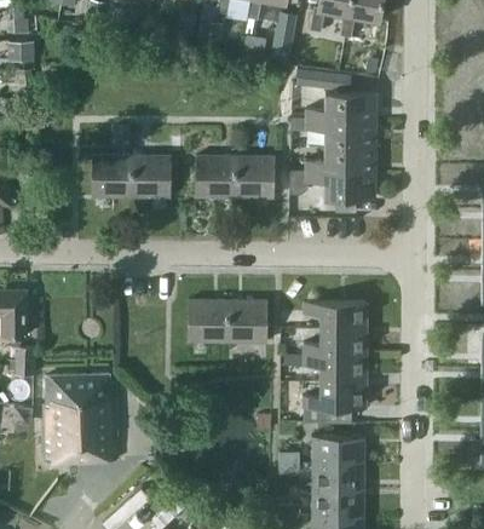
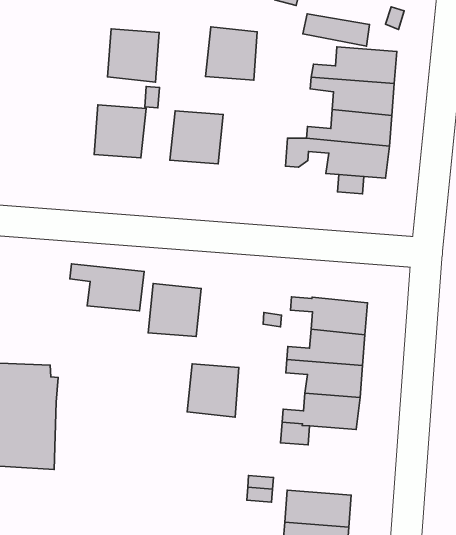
building: [91,156,131,197] -> [107,29,159,82]
building: [234,156,273,197] -> [206,27,257,80]
building: none -> [70,264,144,311]
building: [226,301,266,343] -> [187,364,239,417]
building: [311,437,364,462] -> none

